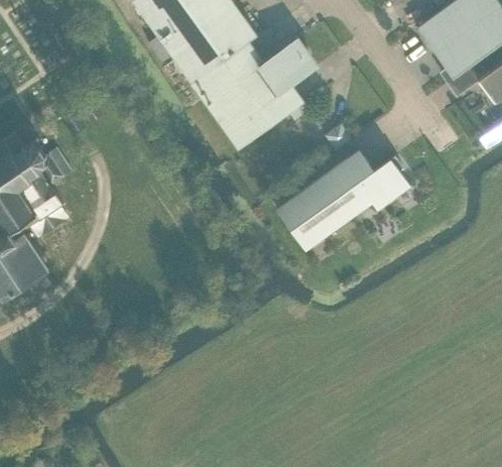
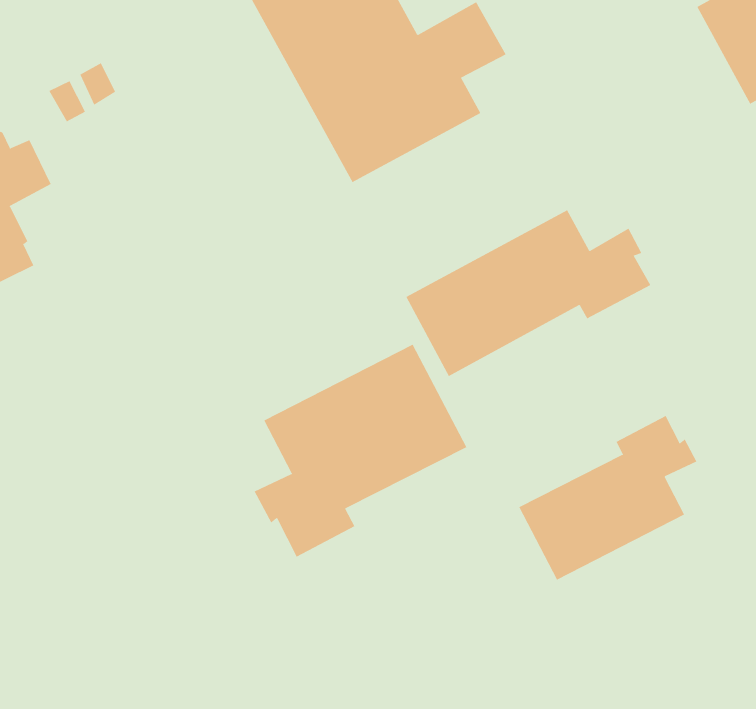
building: none -> [254,344,467,557]
building: none -> [519,415,697,581]

